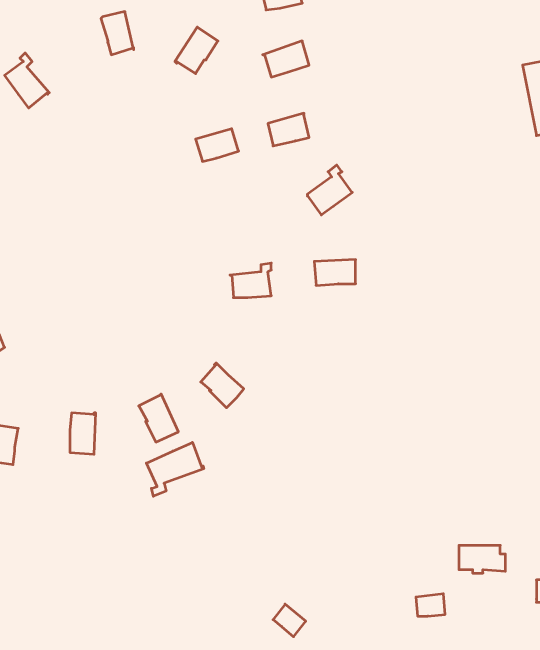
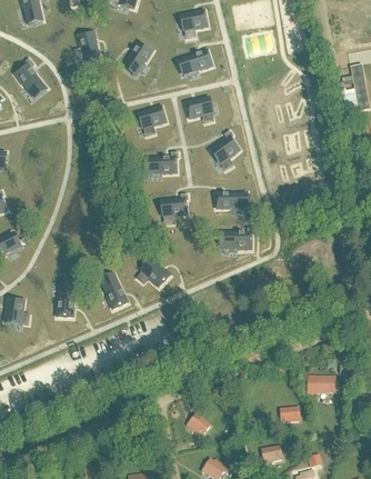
building: none -> [149,153,178,174]
building: none -> [224,229,253,249]
building: [146,442,204,496] -> none

